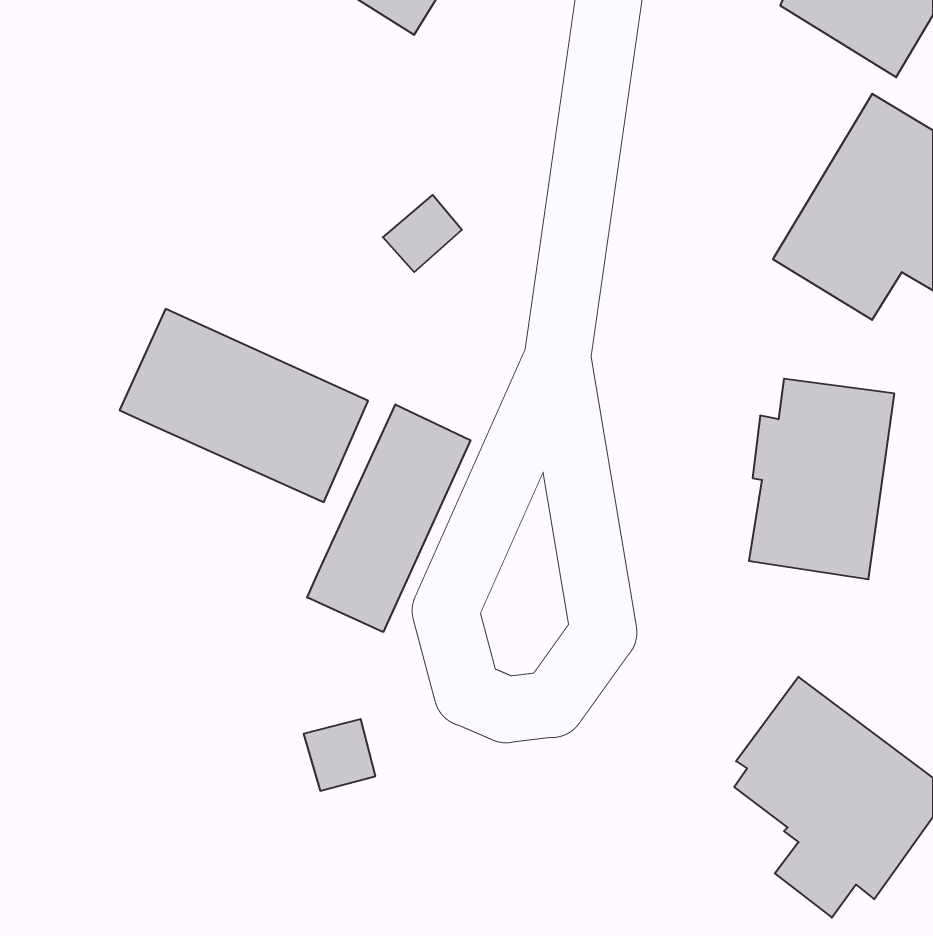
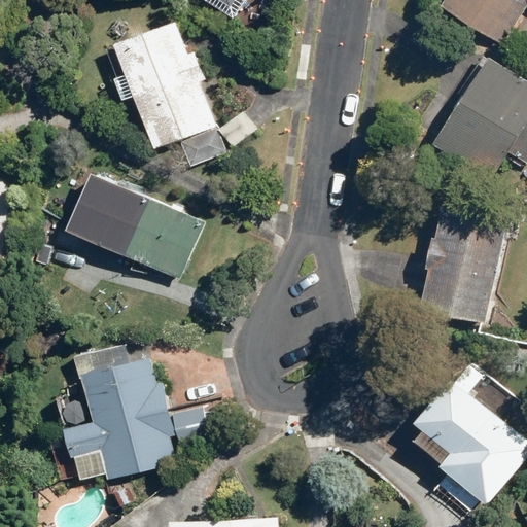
building: none -> [111,22,215,150]
building: [307,404,470,632] -> none
building: none -> [63,343,173,479]

